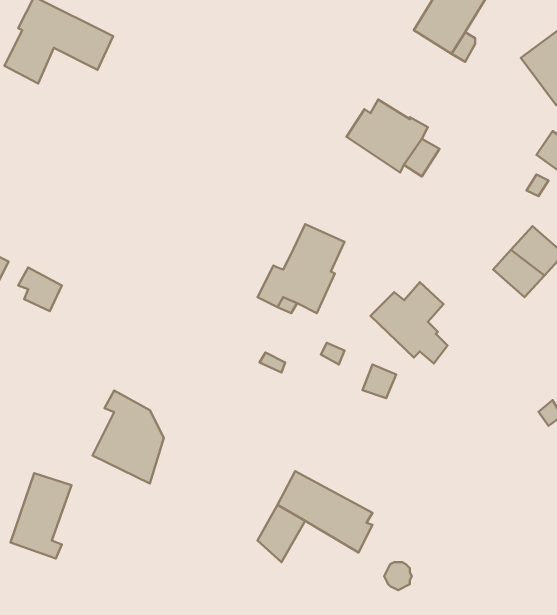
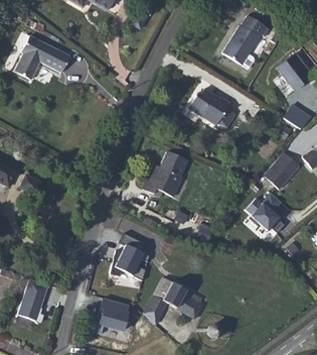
building: [370,282,448,363] -> [245,192,284,233]
building: [93,390,164,483] -> [113,232,149,279]
building: none -> [97,297,128,330]

